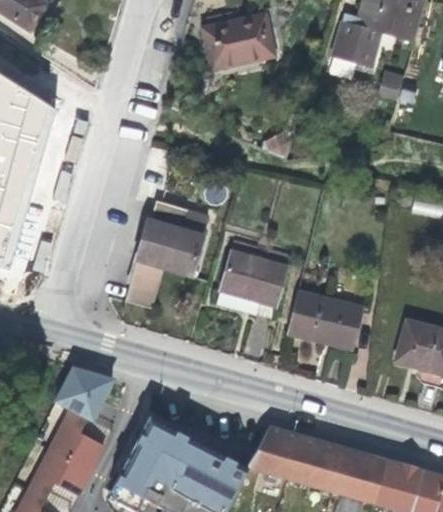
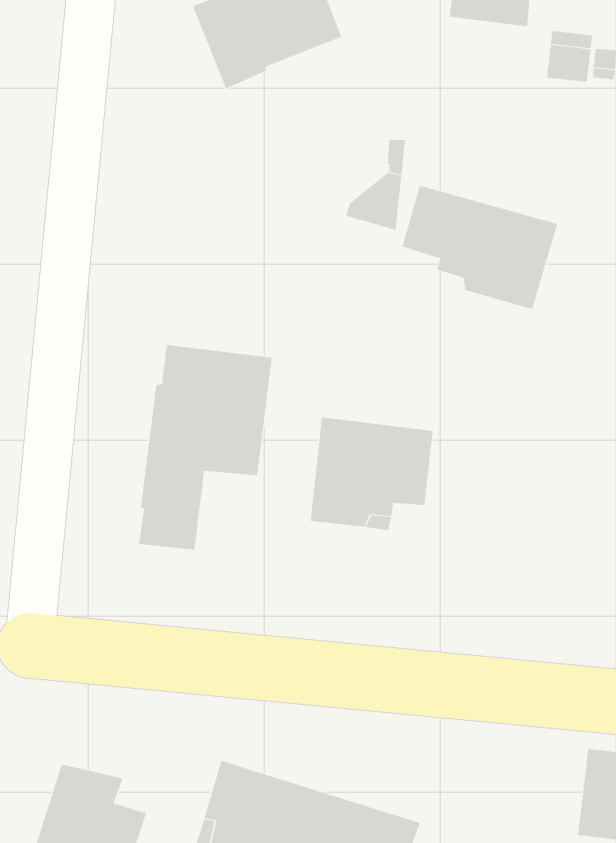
building: none -> [402,185,558,310]
building: [287,291,365,351] -> none
building: [56,364,119,421] -> none
building: [247,426,340,490] -> none

